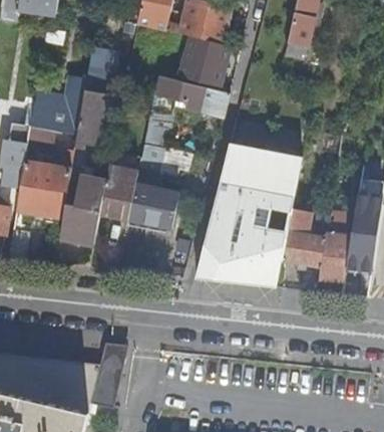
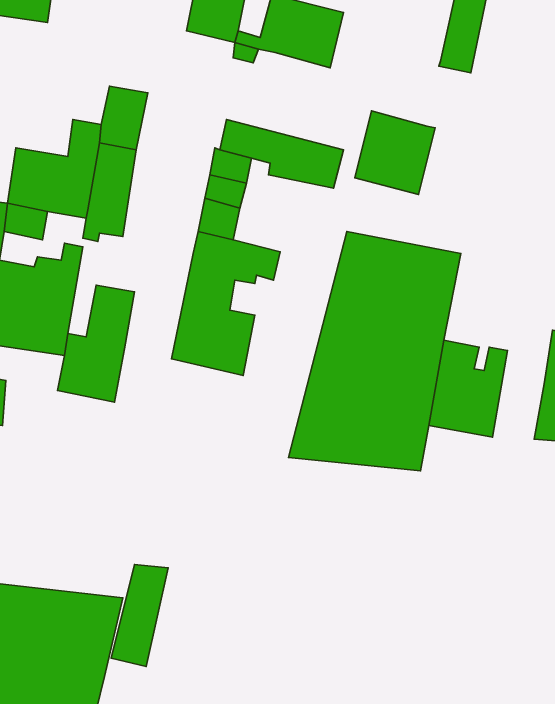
building: [179,36,228,86] -> [355,111,435,195]
building: [99,151,140,220] -> none
building: [319,213,351,279] -> none

